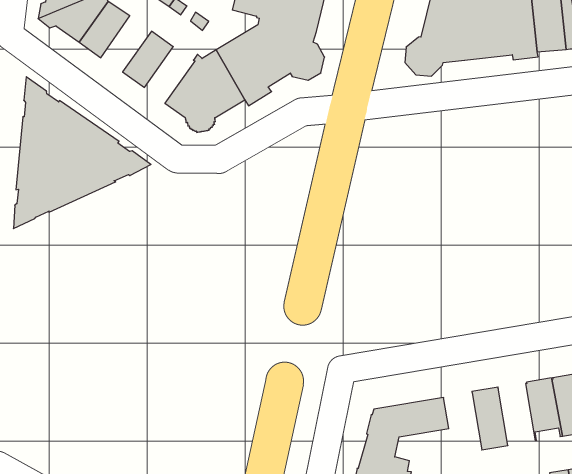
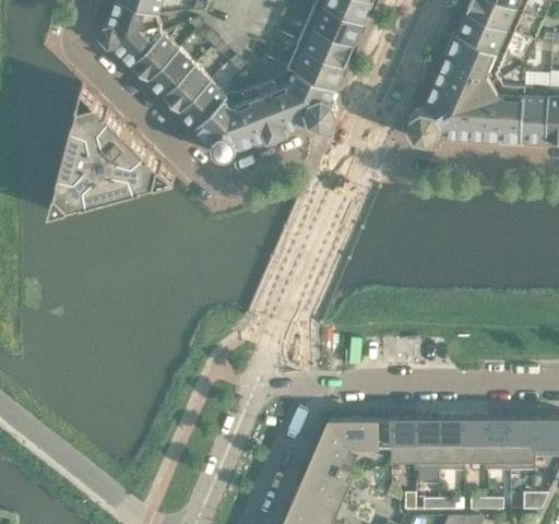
building: none -> [146,49,193,96]
building: none -> [179,82,226,129]
building: none -> [438,419,462,471]
building: none -> [390,419,415,471]

